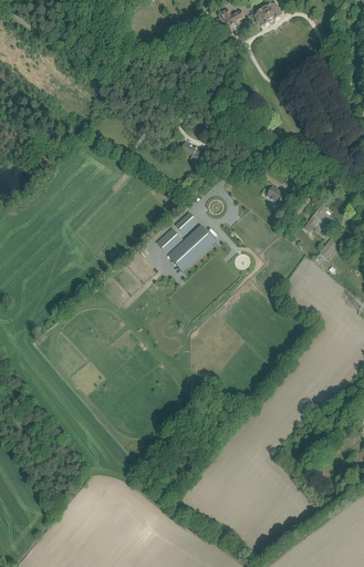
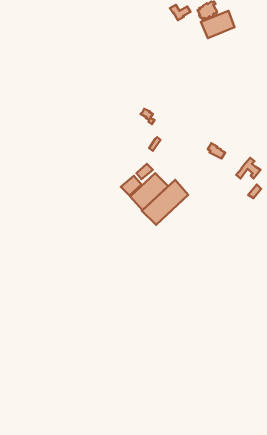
building: none -> [201,11,235,38]
building: none -> [142,180,188,225]

